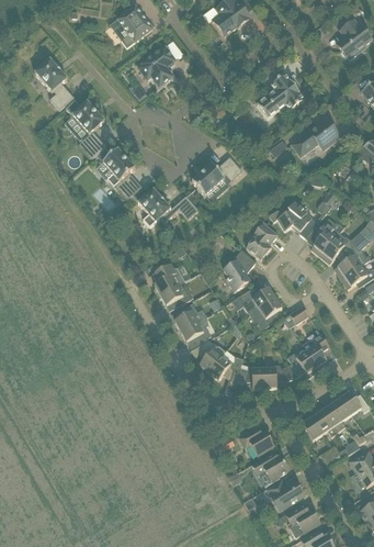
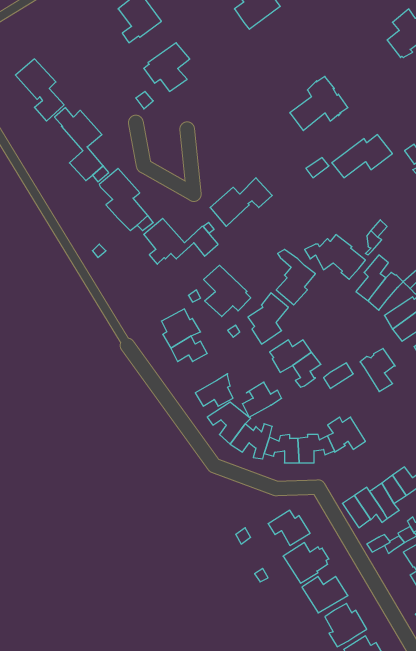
building: none -> [204,265,251,317]
building: [174,302,206,331] -> [242,382,282,417]
building: [303,335,331,370] -> [360,348,395,392]

